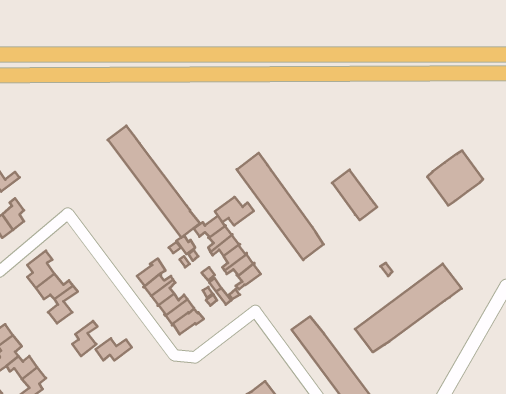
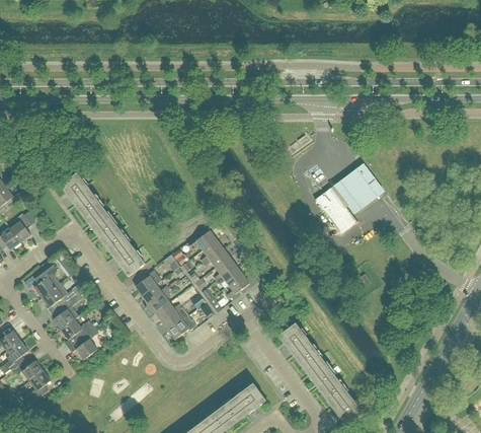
building: [108,126,200,238] -> [60,172,145,276]
building: [427,151,483,205] -> [331,162,383,213]
building: [237,153,324,260] -> none
building: [215,197,254,225] -> none
building: [355,264,462,352] -> none
building: [96,338,132,360] -> [61,318,94,339]

